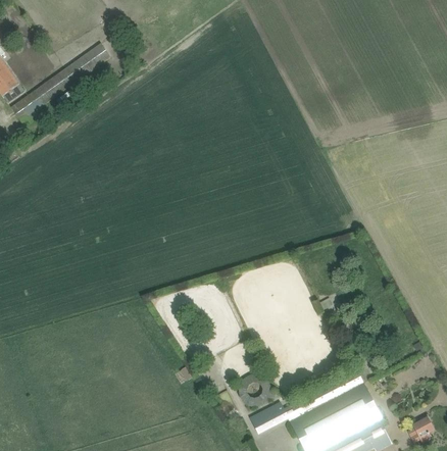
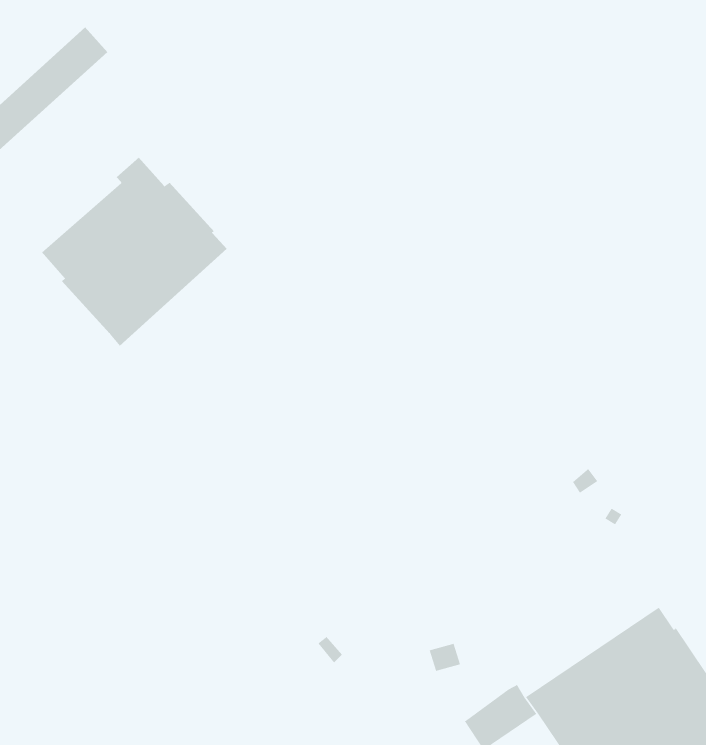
building: none -> [41,157,228,347]

